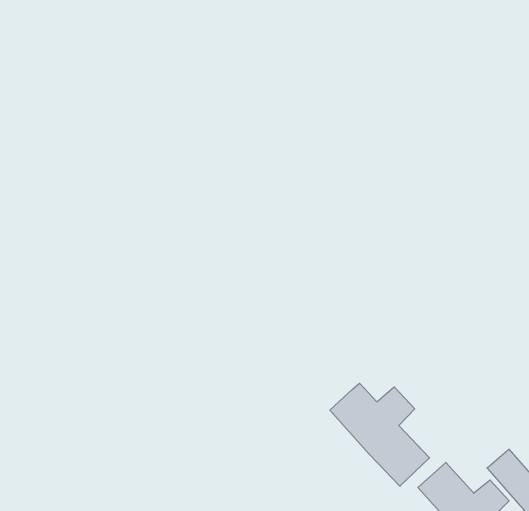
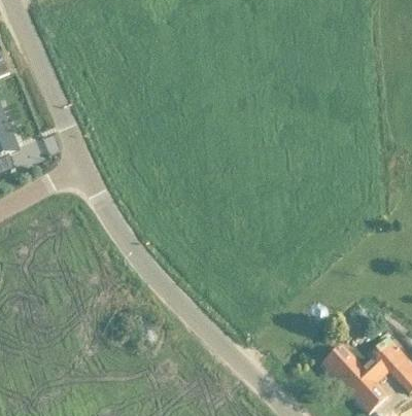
building: [330,383,430,486] -> none

